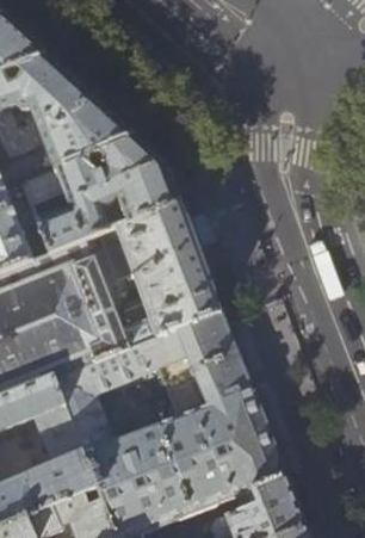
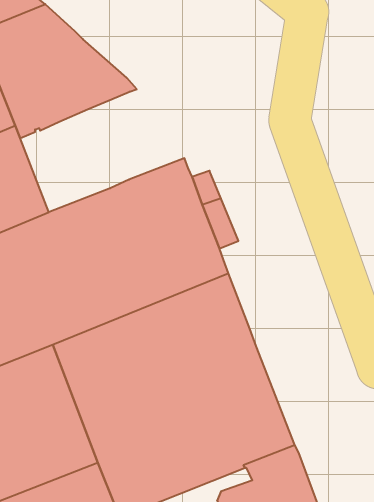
building: [23,140,179,256] -> none

